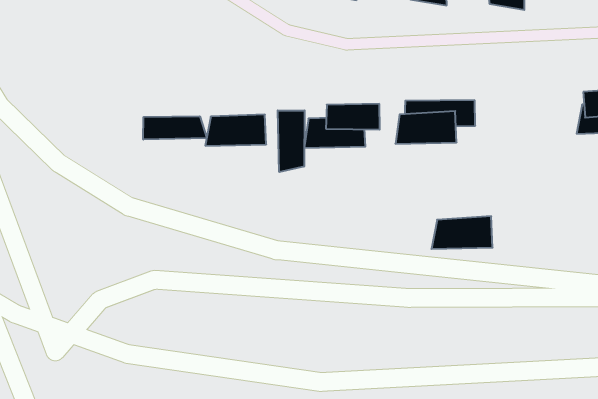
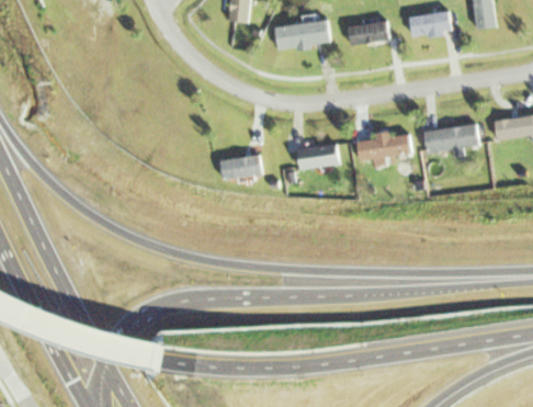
building: [278,110,305,172] -> none
building: [143,116,207,140] -> none
building: [431,216,493,249] -> [427,127,474,157]

